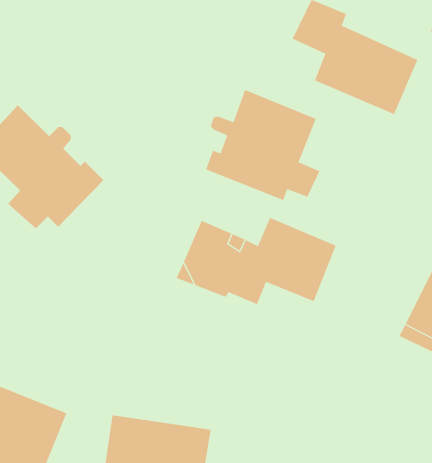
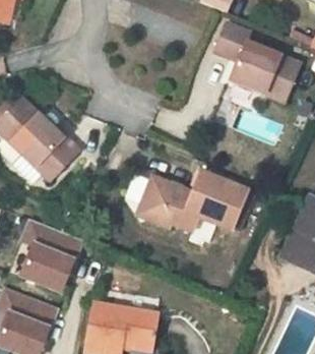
building: [205,89,320,201] -> none
building: none -> [22,220,84,292]

